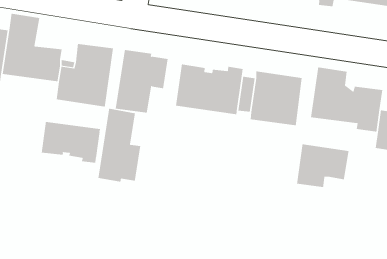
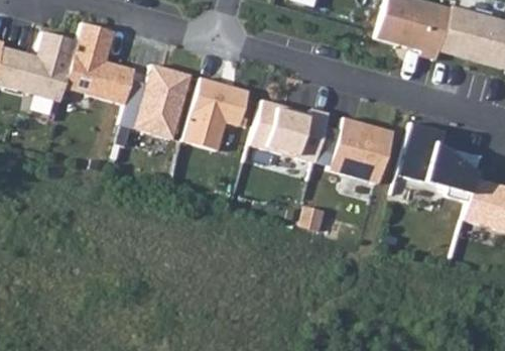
building: [98,108,141,183] -> none
building: [41,121,100,164] -> none
building: [297,143,349,188] -> none

